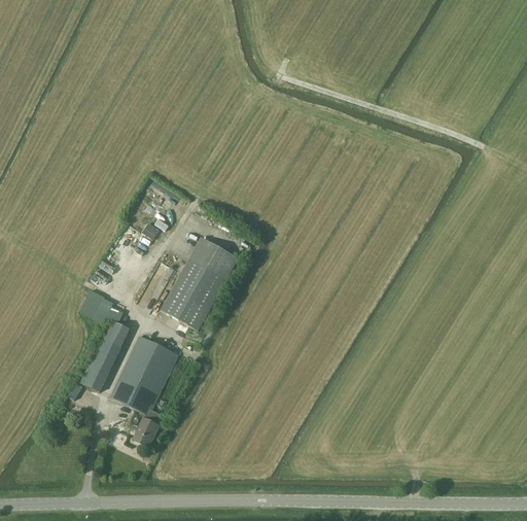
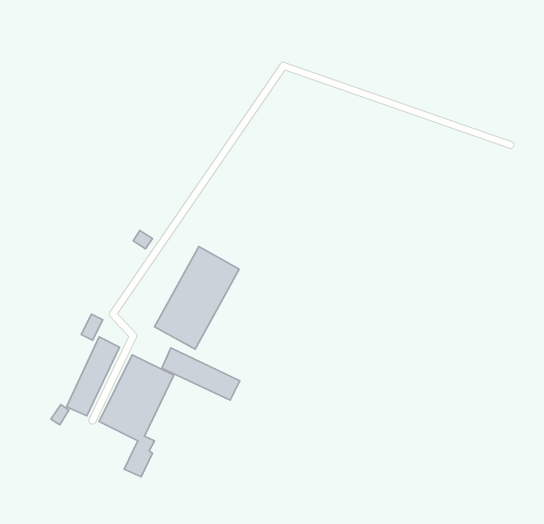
building: none -> [162,348,240,400]

